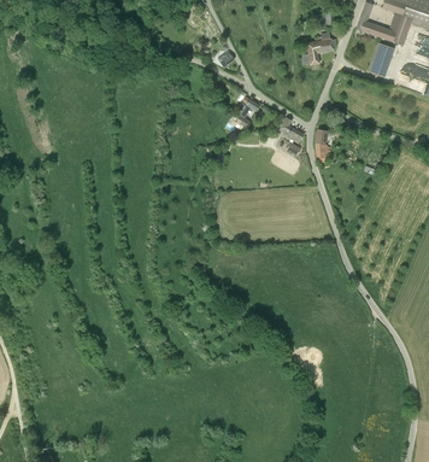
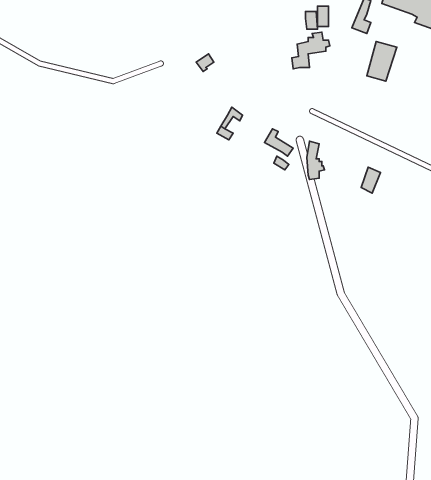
building: [369,11,409,43] -> none

